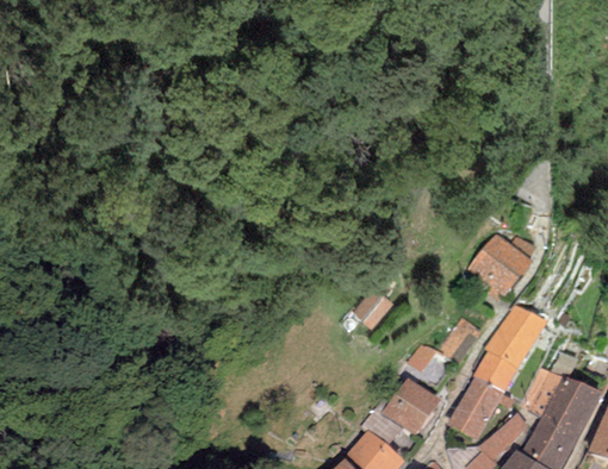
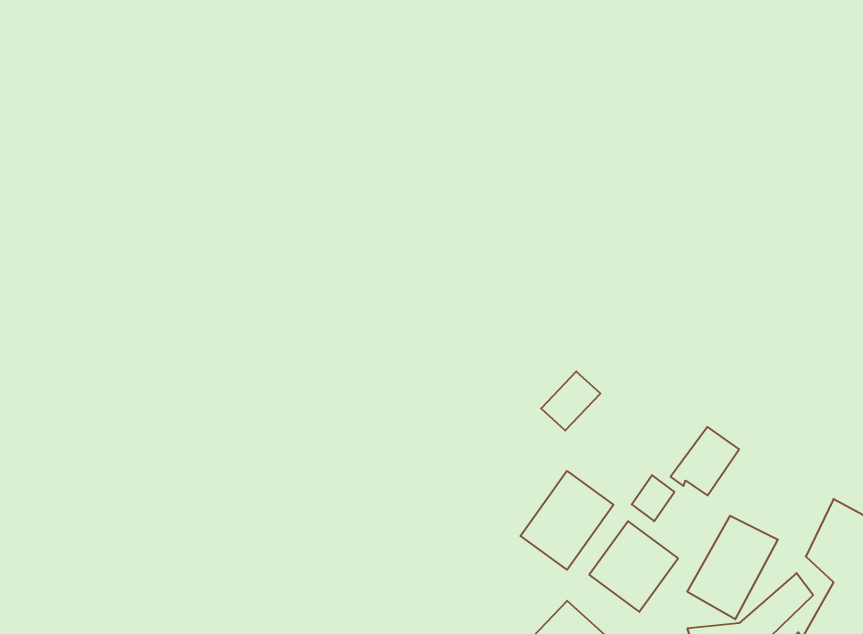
building: [467,233,533,299] -> none
building: [473,304,548,392] -> none
building: none -> [520,471,613,570]

